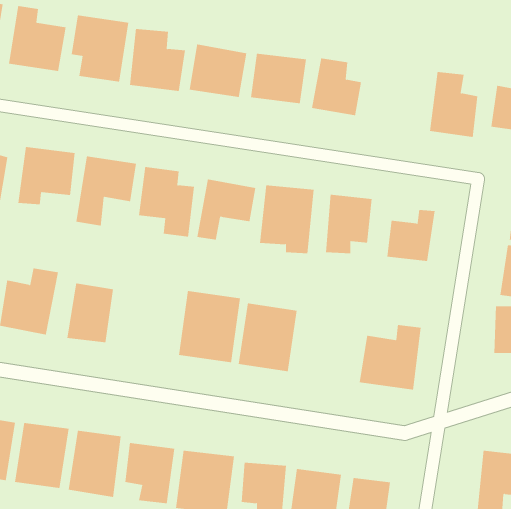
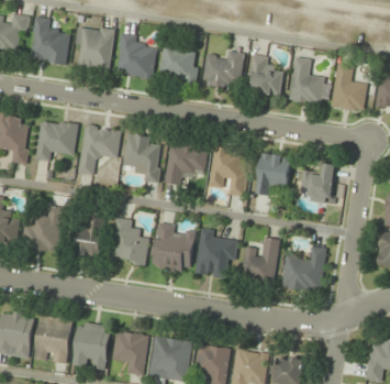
building: none -> [288,57,325,106]
building: none -> [108,218,151,267]
building: none -> [242,239,279,281]

